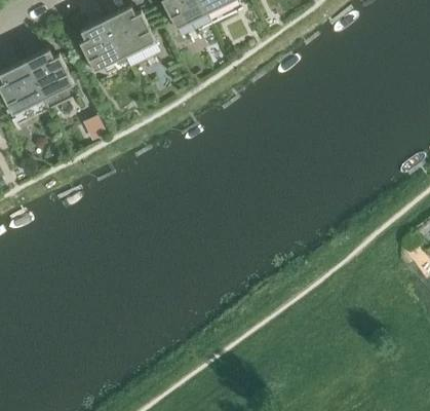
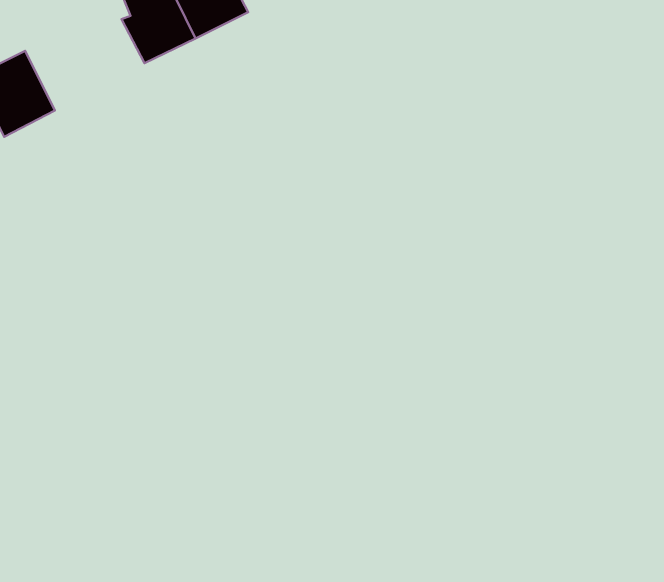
building: [24,51,72,99] -> none

